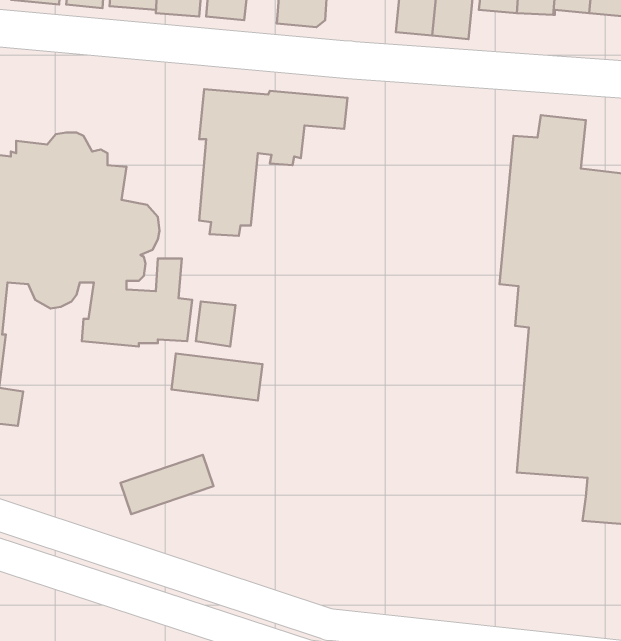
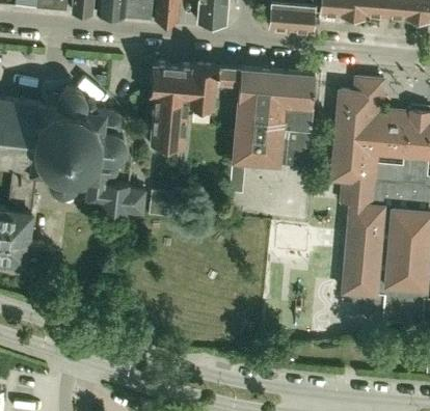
building: none -> [229,68,315,194]
building: [171,353,263,400] -> none
building: [121,455,214,514] -> none

